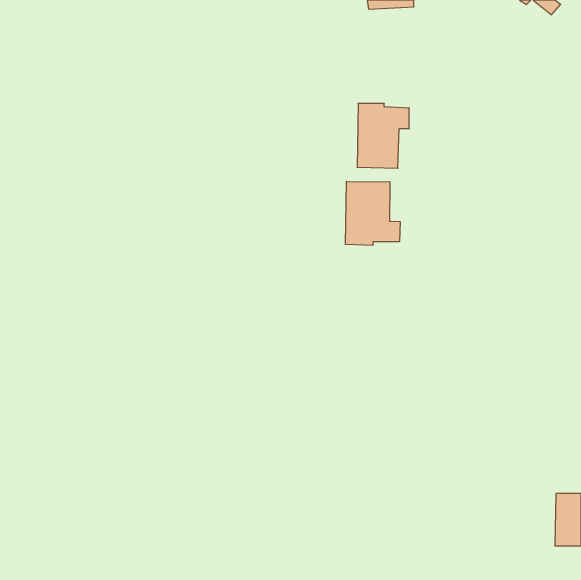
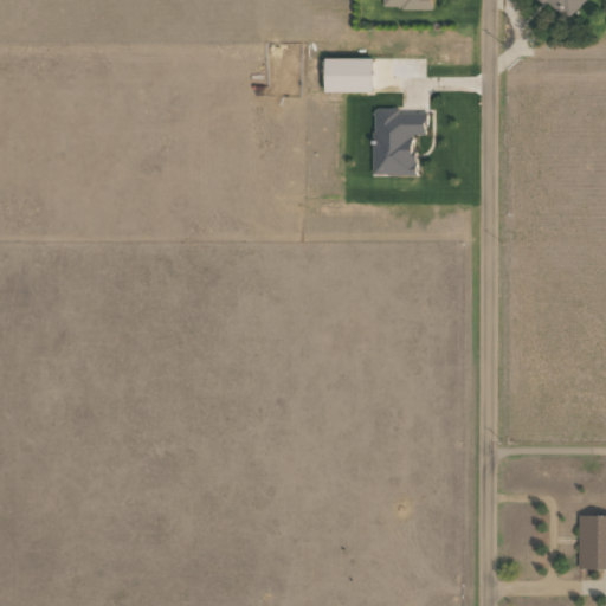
building: none -> [324,57,373,92]
building: [345,181,400,245] -> none

